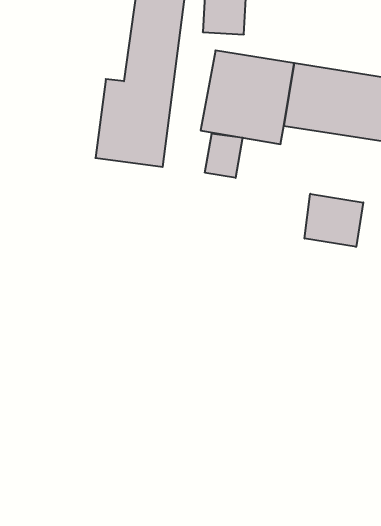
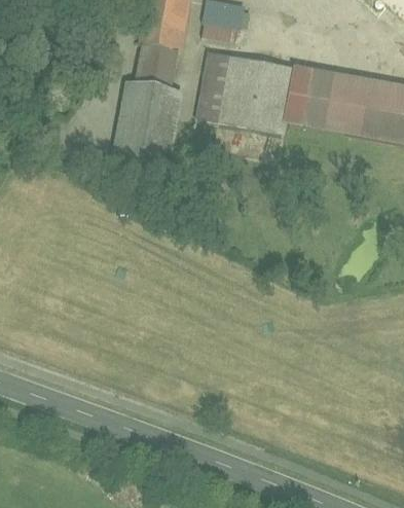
building: [205,133,243,178] -> none
building: [305,194,363,247] -> none

